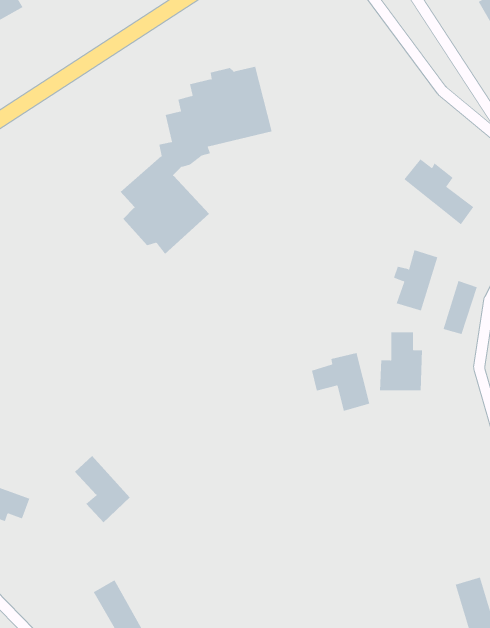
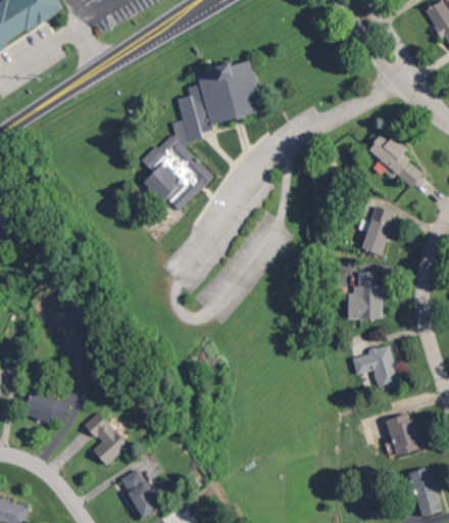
building: [443,280,477,335] -> none
building: [311,353,370,412] -> [352,343,399,390]
building: [74,455,131,523] -> [83,411,128,465]
building: none -> [385,412,420,456]

